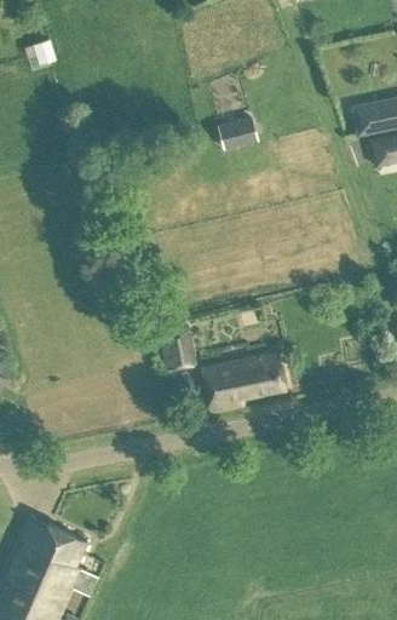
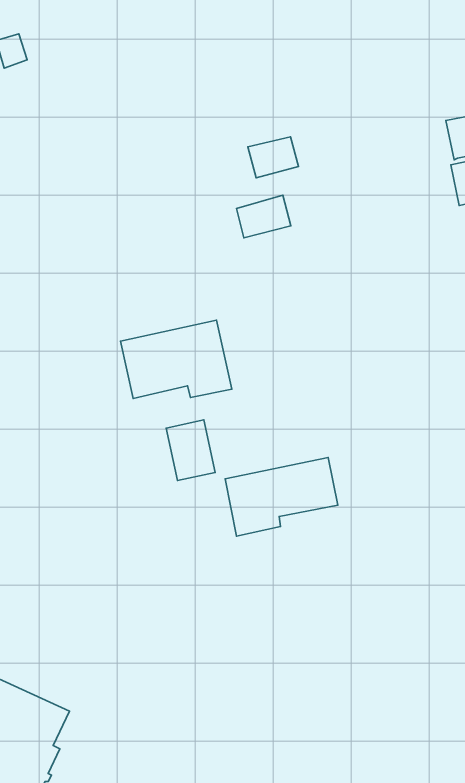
building: none -> [237,195,291,238]
building: none -> [120,320,232,398]

